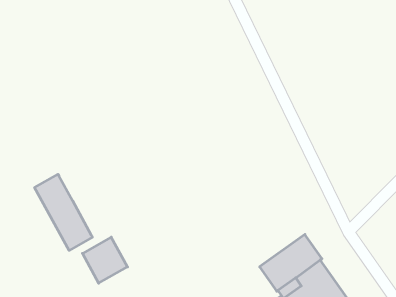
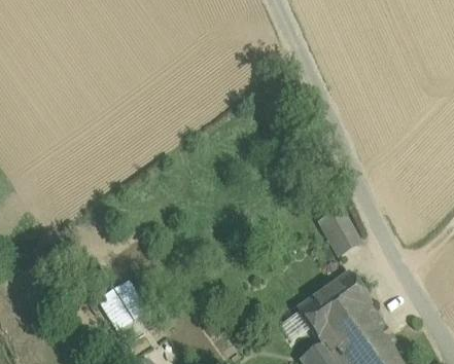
building: [35,174,92,250] -> none
building: none -> [317,213,362,256]

